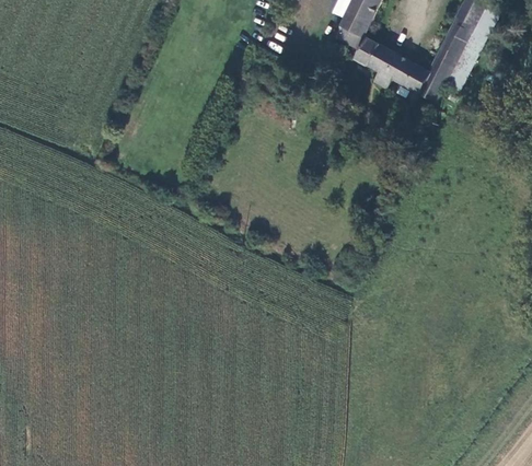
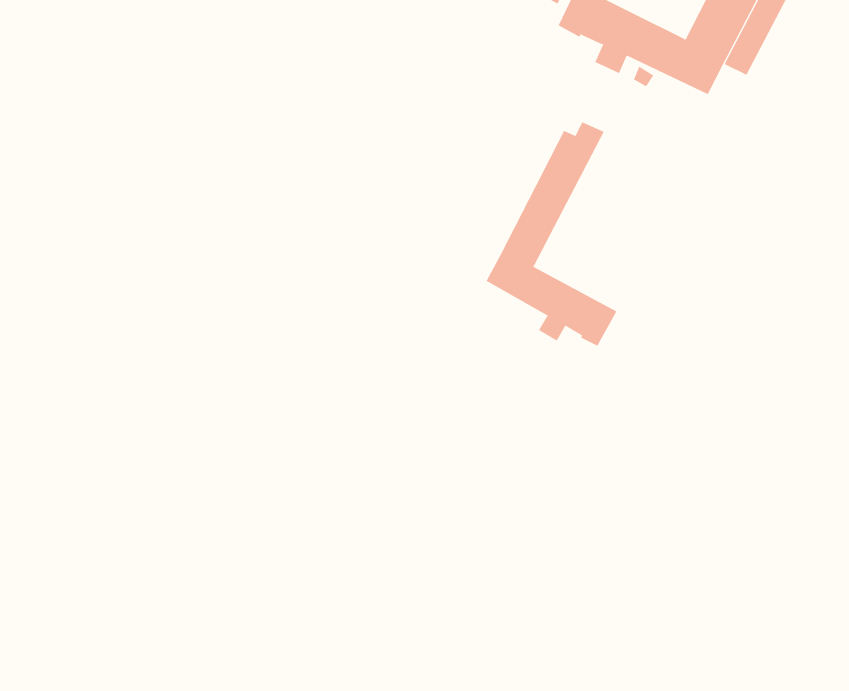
building: none -> [486,121,617,347]

